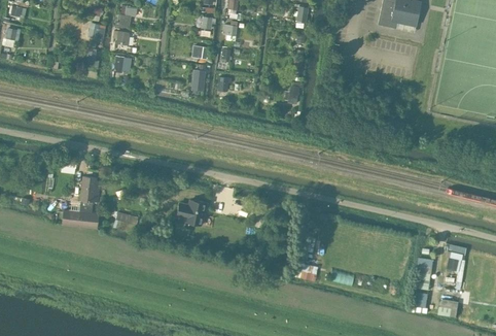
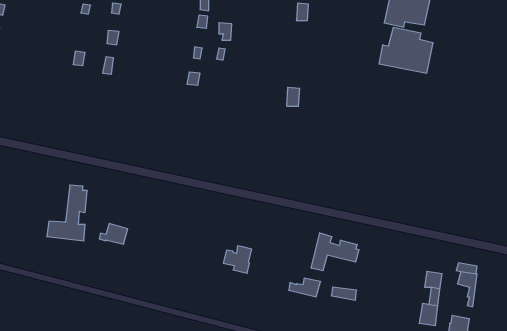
building: none -> [379,27,433,73]
building: [176,199,203,225] -> [223,246,252,273]
building: none -> [311,233,359,271]

